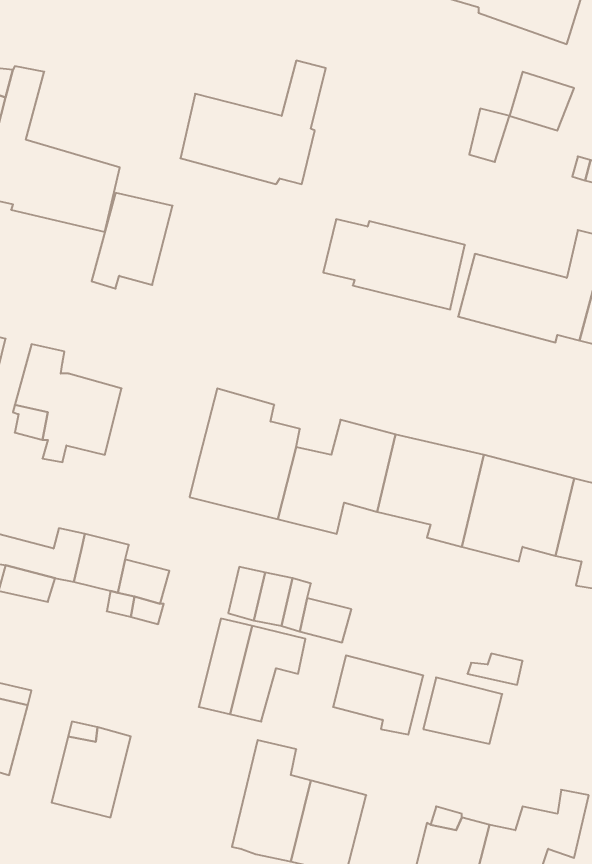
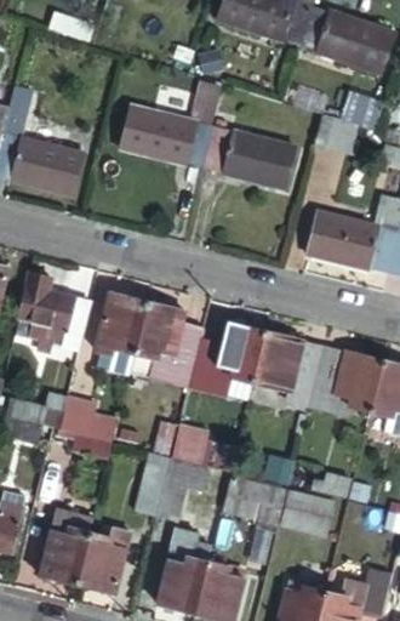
building: [92,193,173,289] -> [93,291,147,354]
building: [323,219,465,309] -> [202,130,296,189]
building: none -> [76,525,131,592]

